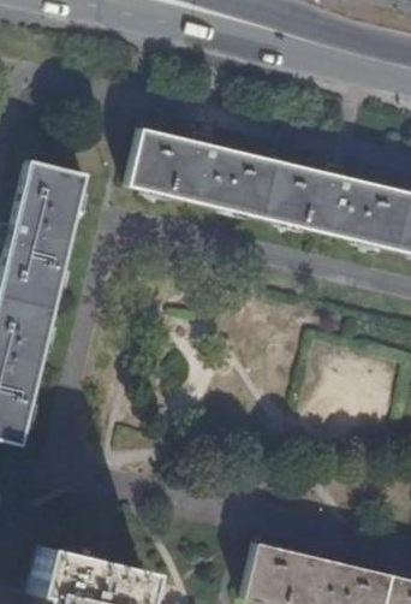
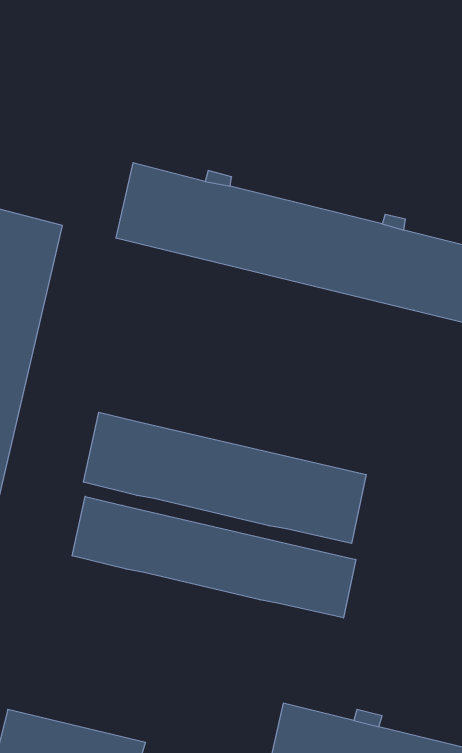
building: none -> [83,412,366,543]
building: none -> [72,496,356,618]

